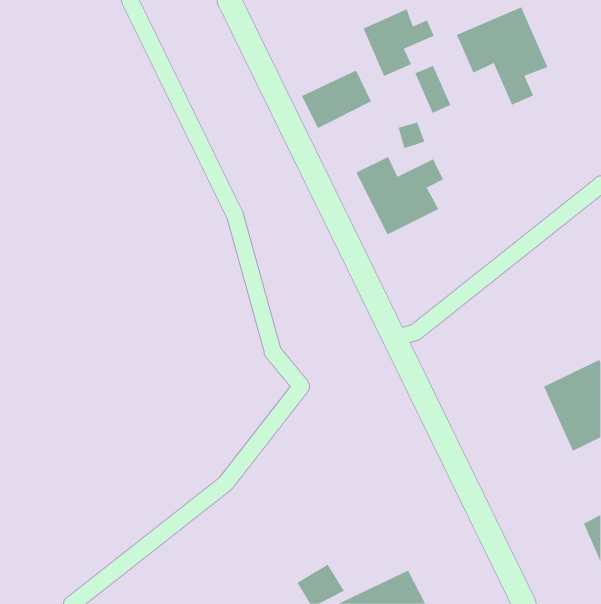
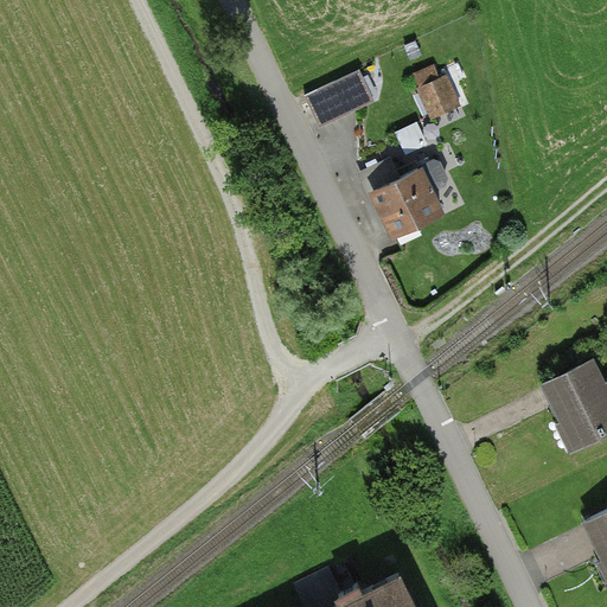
building: [456,6,548,105] -> none
building: [363,9,435,77] -> none

